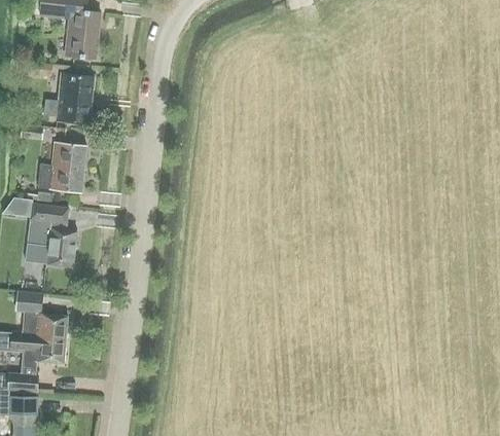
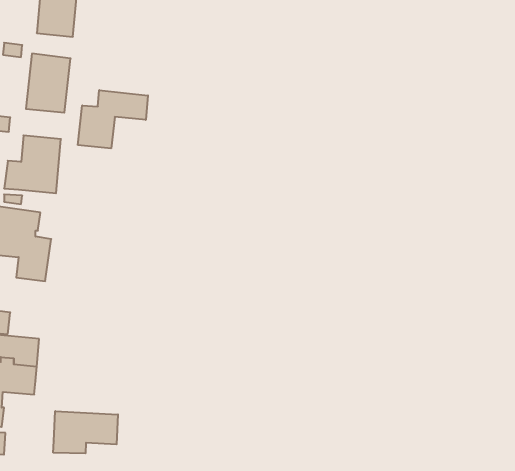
building: none -> [78,90,148,148]
building: none -> [53,411,118,453]

